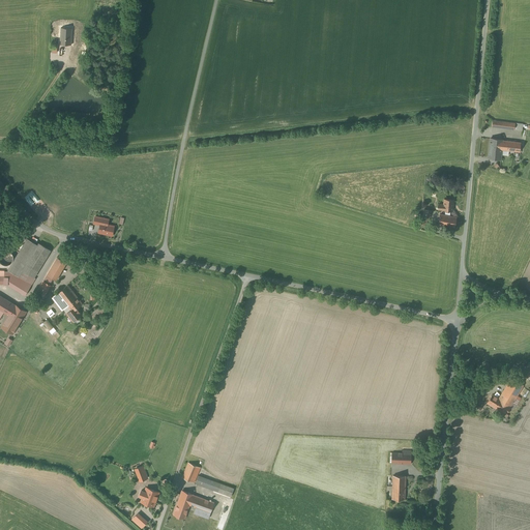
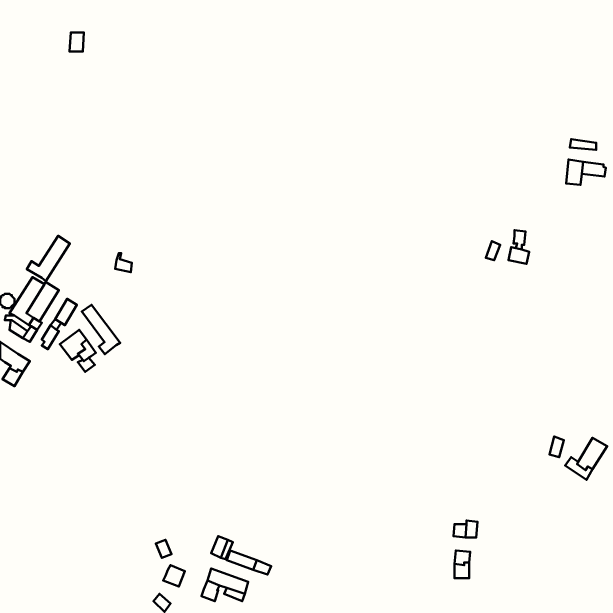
building: none -> [27,236,70,281]
building: none -> [82,305,120,354]

